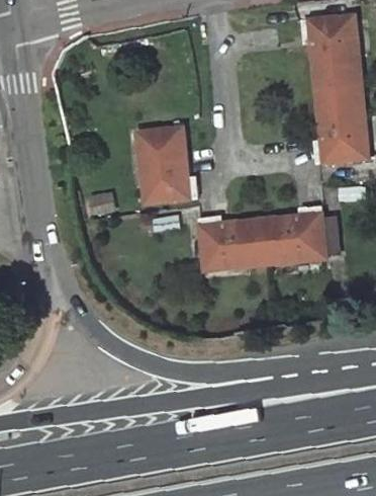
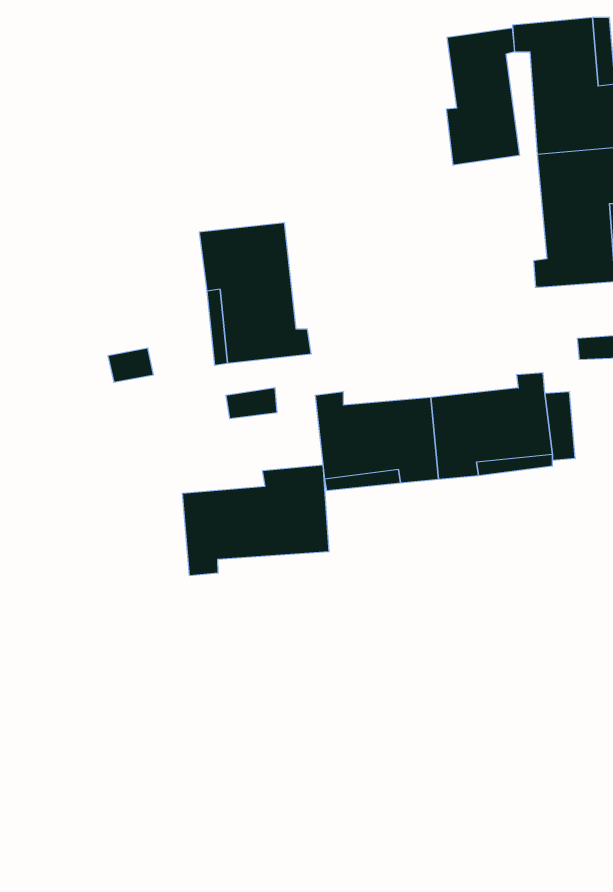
building: none -> [447,28,519,165]
building: none -> [182,465,329,576]

